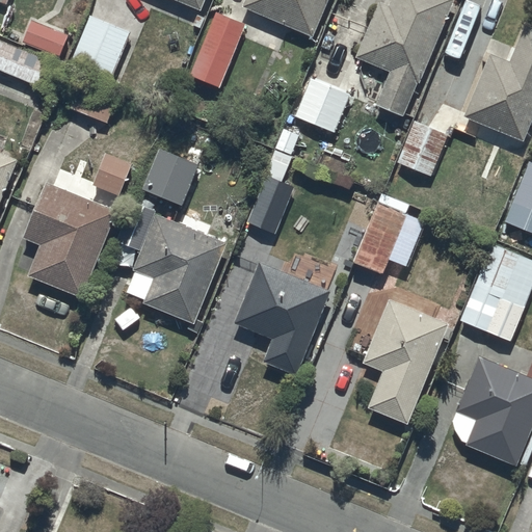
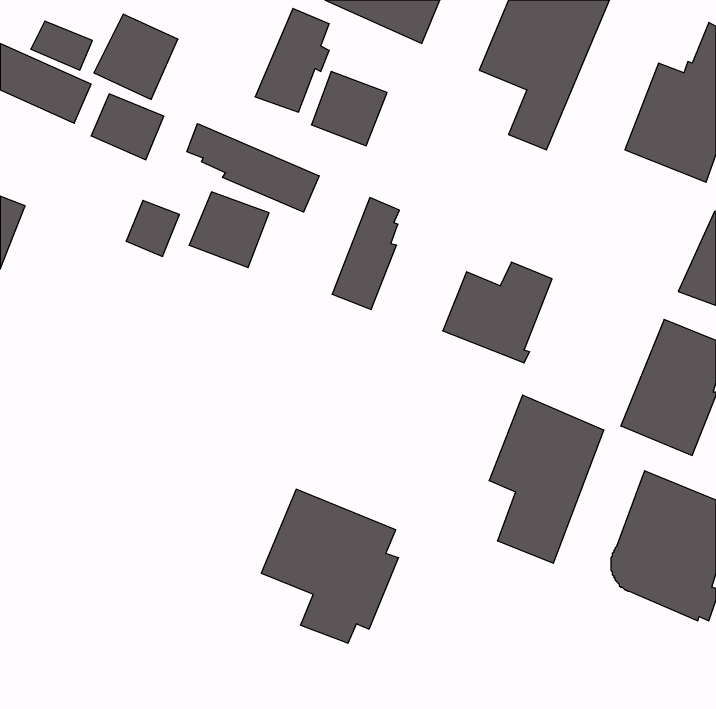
building: [295,78,351,133] -> [311,72,387,146]
building: none -> [187,124,319,212]
building: [398,122,448,176] -> none
building: [23,182,118,299] -> none
building: [117,208,227,322] -> none
building: [233,261,335,375] -> [261,489,399,643]

